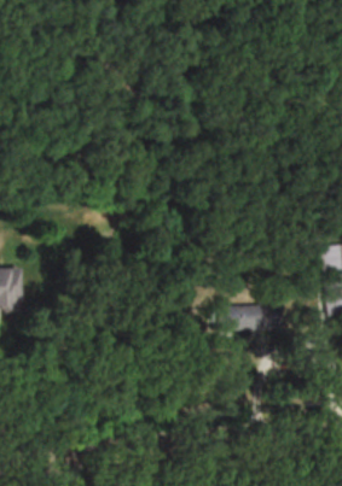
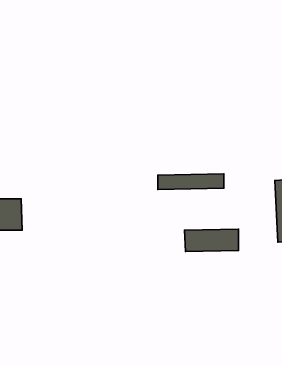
building: none -> [158,174,224,190]

